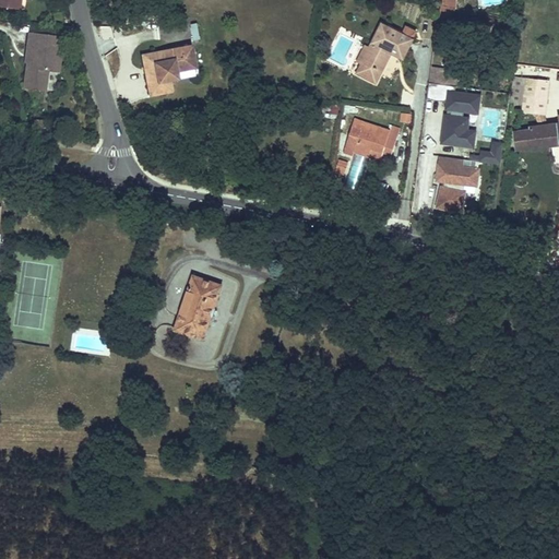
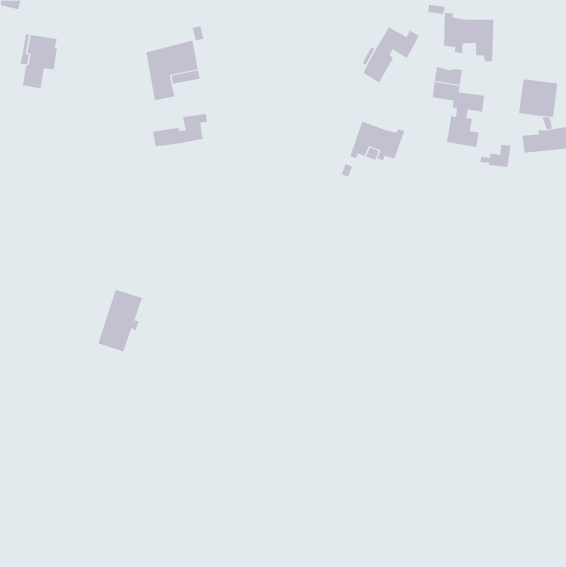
building: none -> [444,12,494,62]
building: none -> [152,113,207,147]
building: [433,154,476,209] -> none
building: [178,276,223,338] -> [97,289,143,352]

